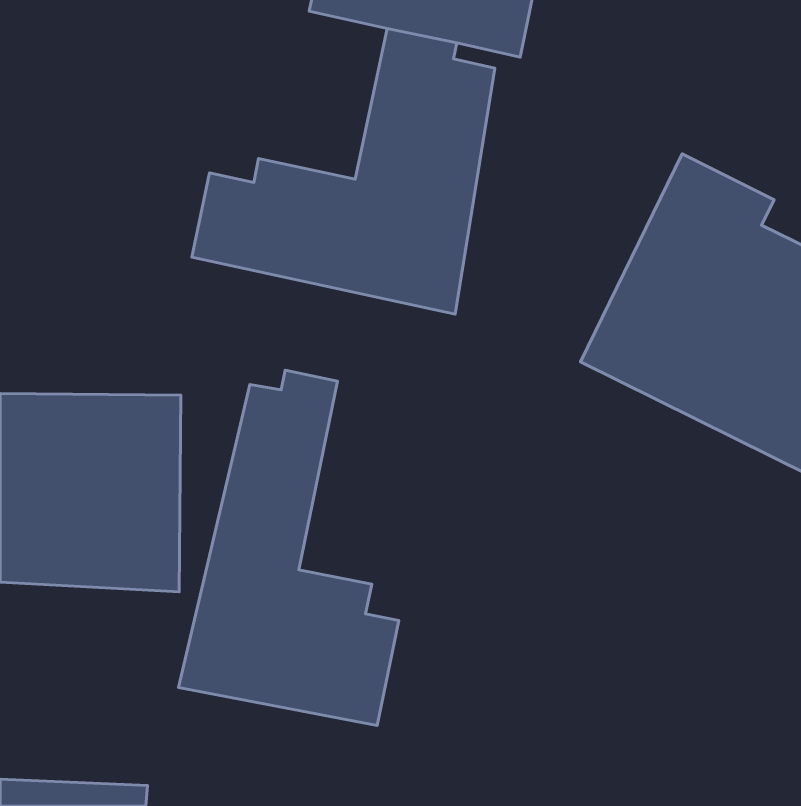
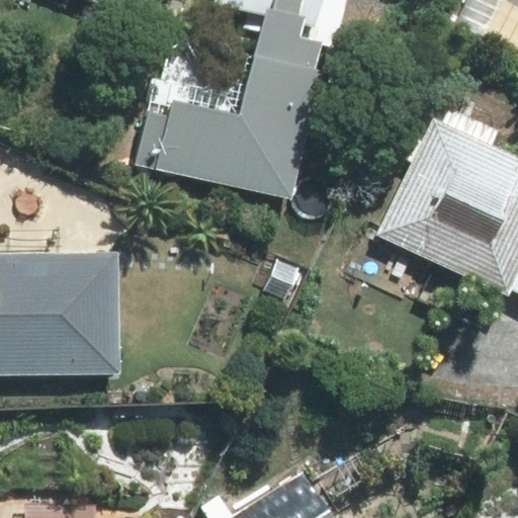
building: [178,370,399,726] -> none

